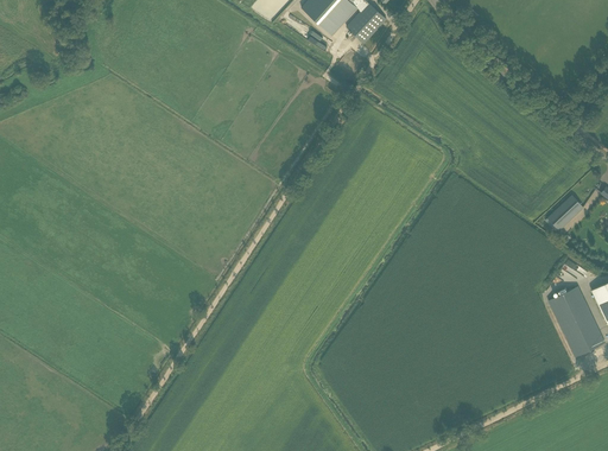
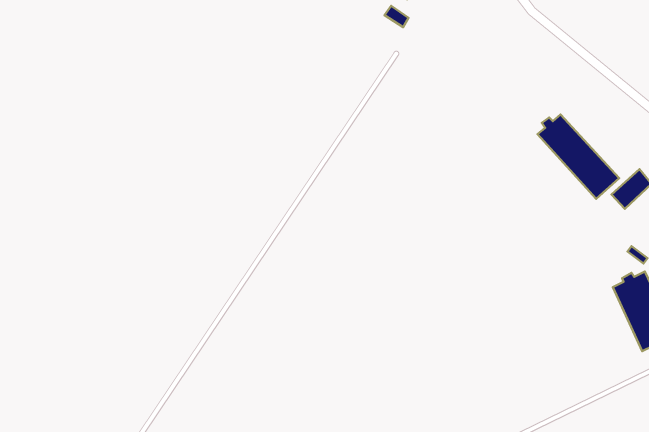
building: none -> [538,115,619,199]

